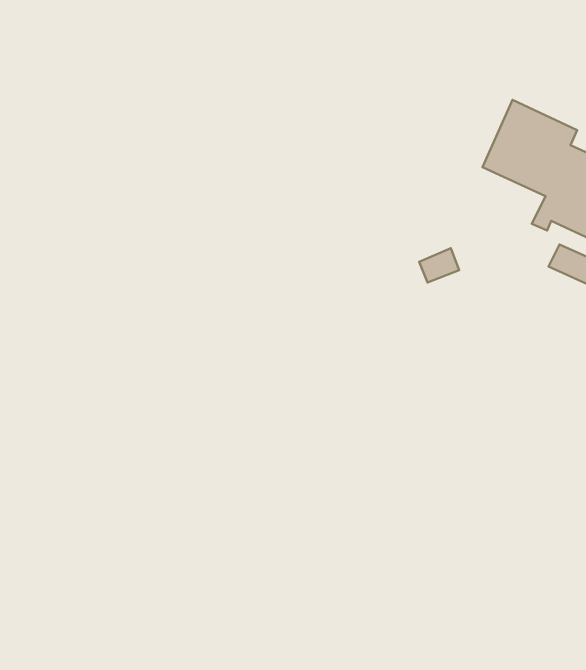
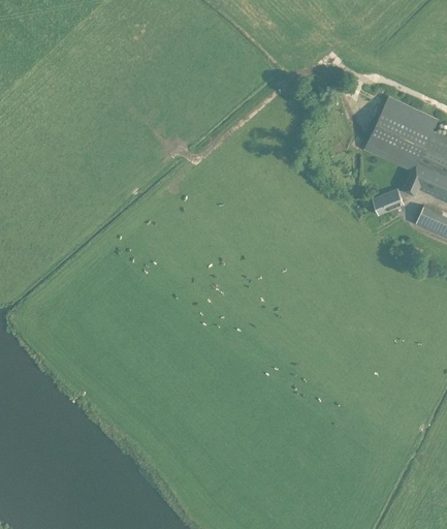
building: [419,248,459,282] -> [373,189,403,215]

